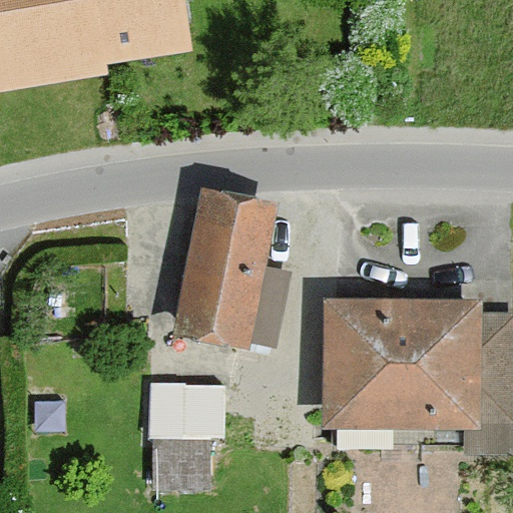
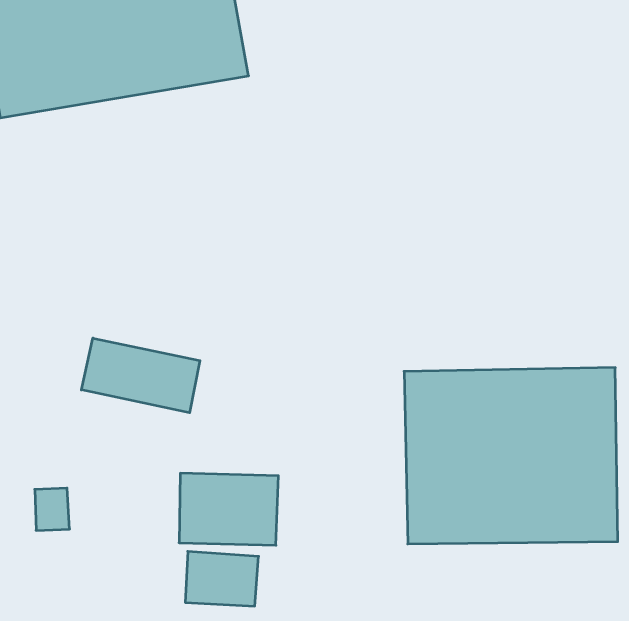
building: [174,185,284,345] -> none
building: none -> [81,338,200,413]

